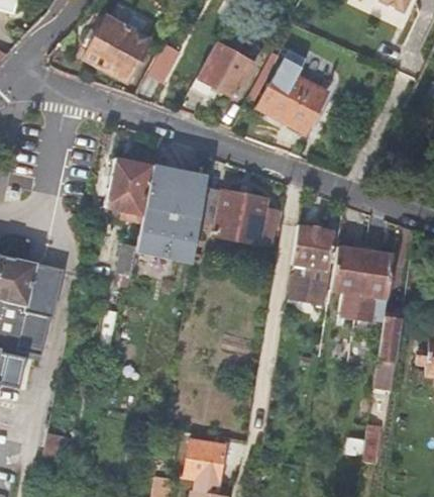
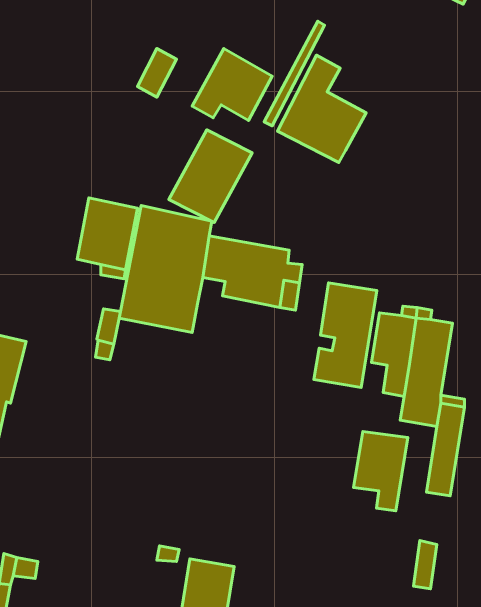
building: [84,17,149,82] -> none
building: none -> [169,130,252,222]
building: none -> [353,431,408,511]

